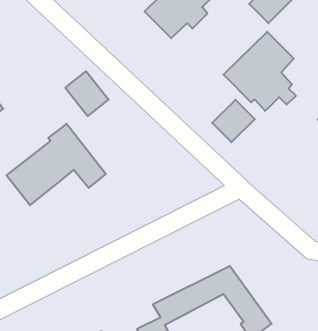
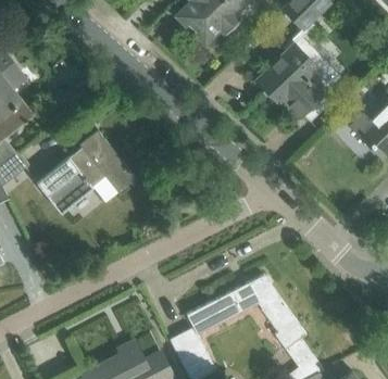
building: [65,71,109,116] -> none
building: [212,100,255,142] -> none

